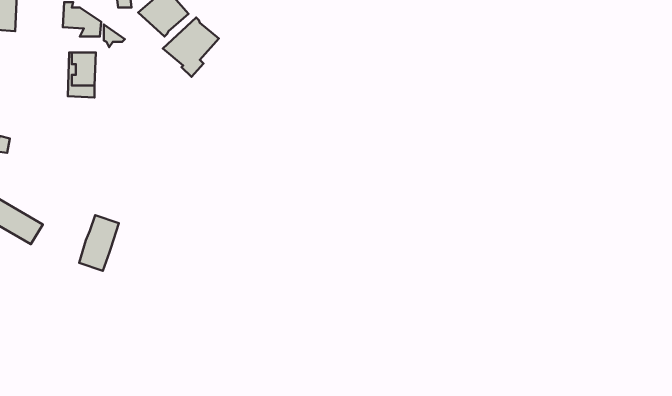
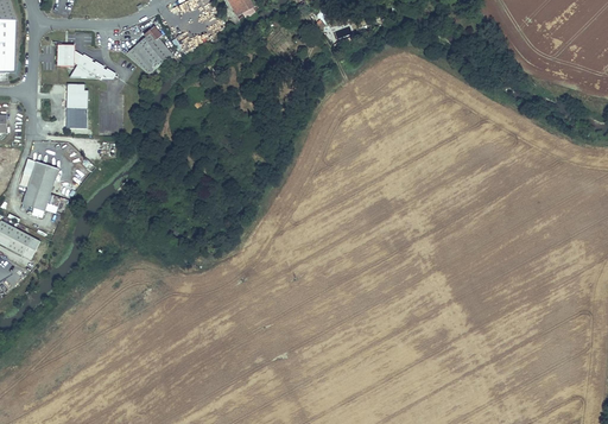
building: [163,18,219,77] -> none
building: [79,215,119,271] -> [21,160,57,210]

